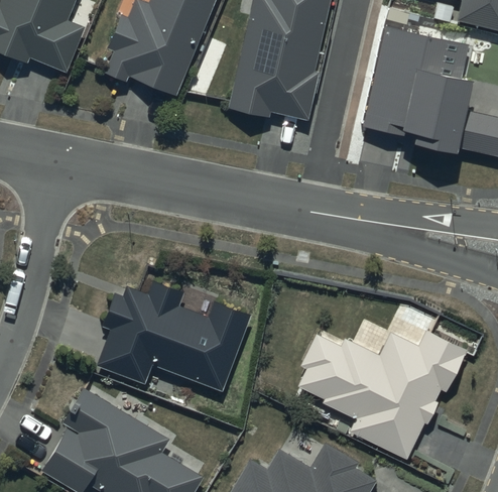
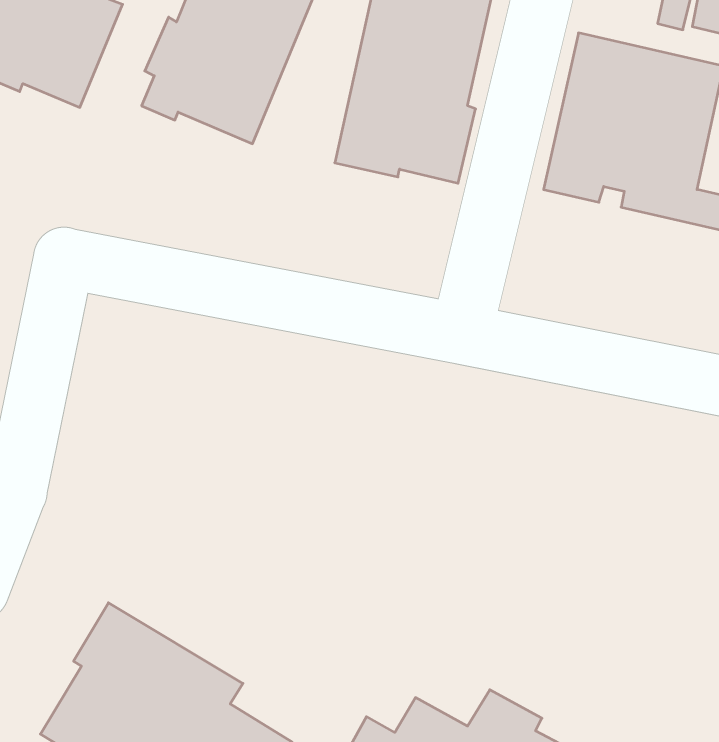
building: [98,279,250,400] -> none
building: [297,329,467,460] -> none

